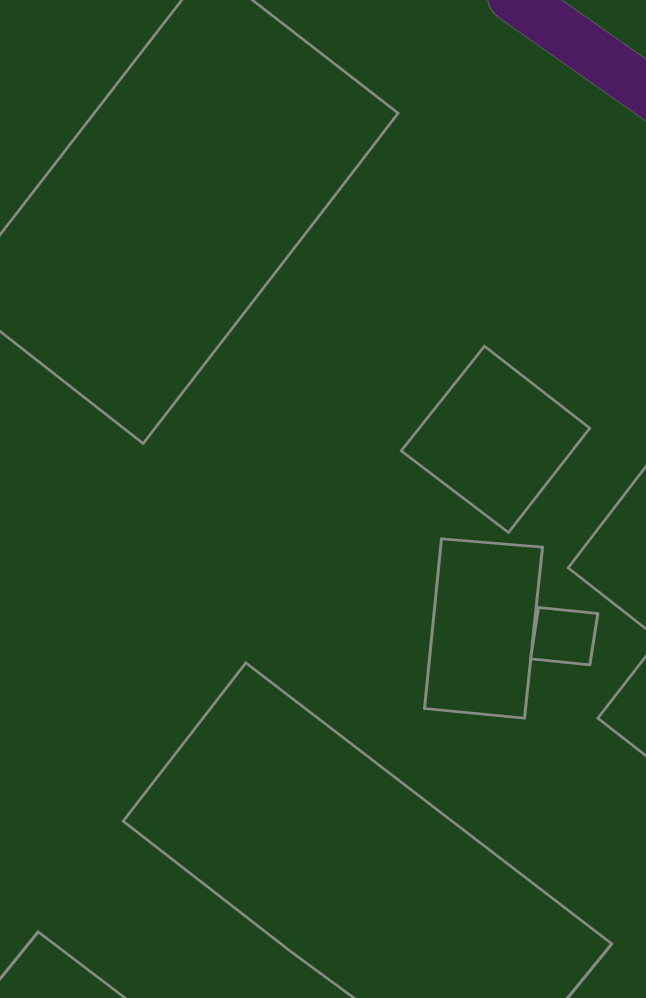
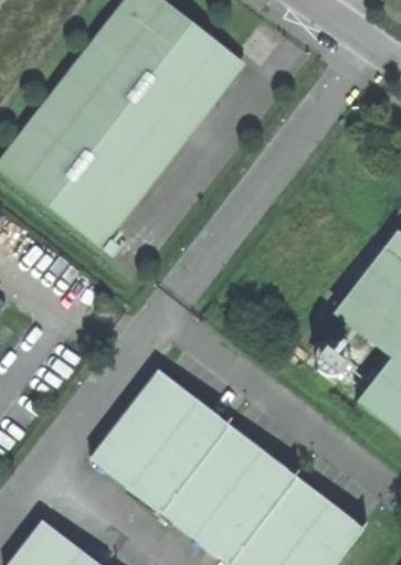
building: [401,346,590,532] -> none
building: [425,539,543,718] -> none

